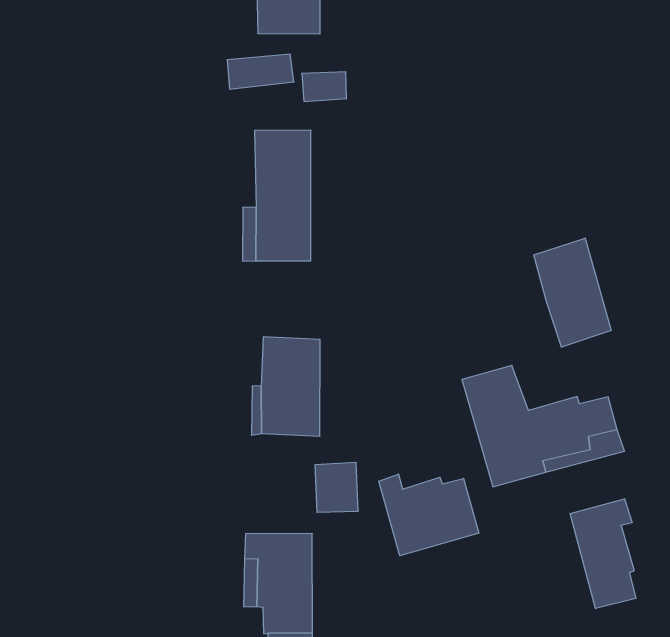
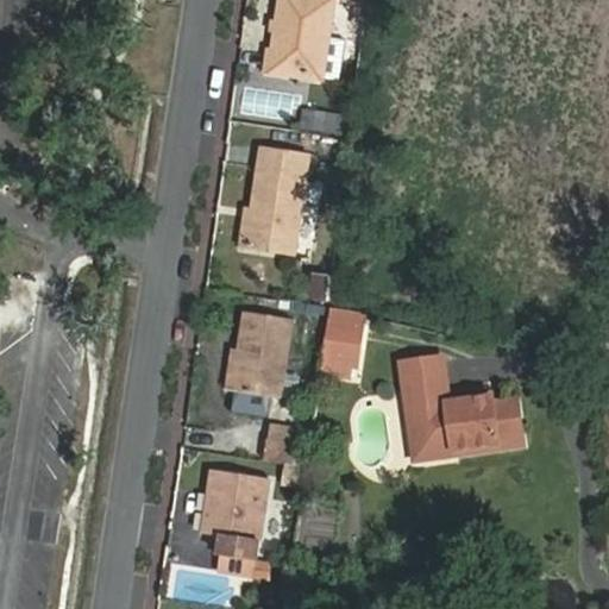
building: [534,238,611,347] -> none
building: none -> [319,308,364,373]
building: [379,474,479,556] -> none
building: [570,499,636,609] -> none

